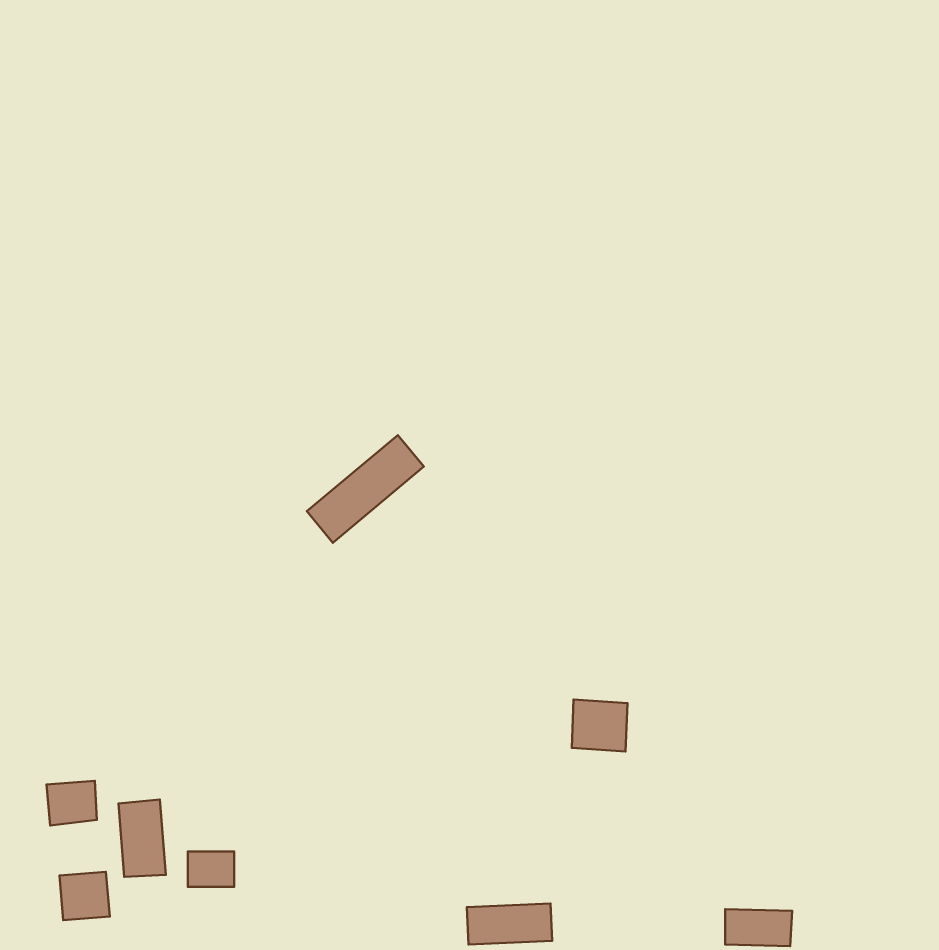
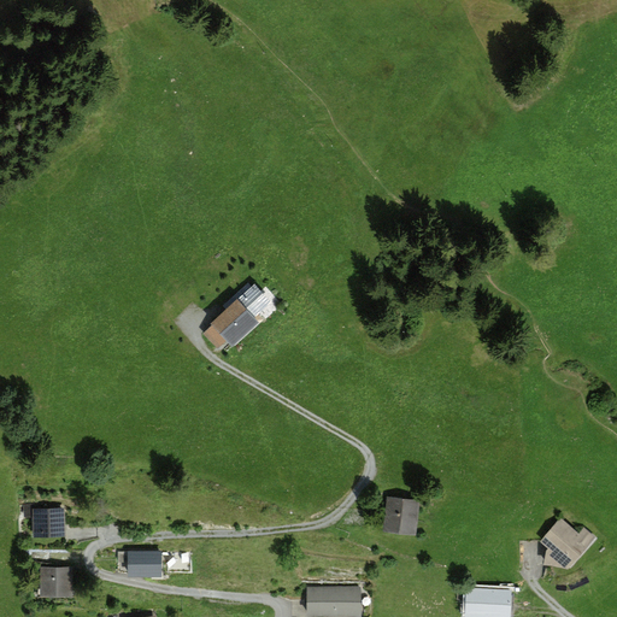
building: [572,699,627,752] -> [383,496,419,530]
building: [118,799,166,877] -> none
building: none -> [542,521,595,569]

